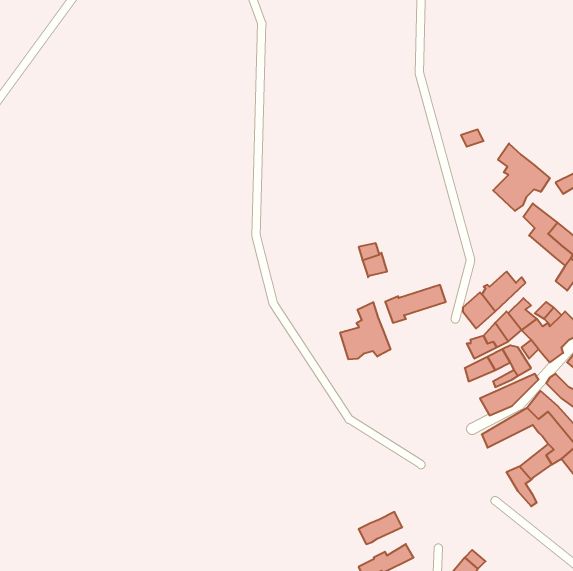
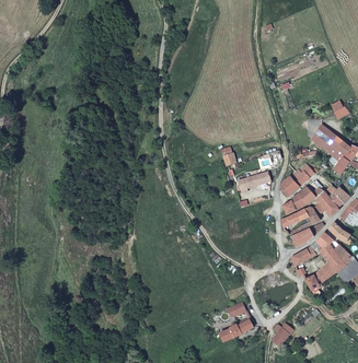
building: [493,143,550,211] -> none
building: [340,302,390,359] -> none

